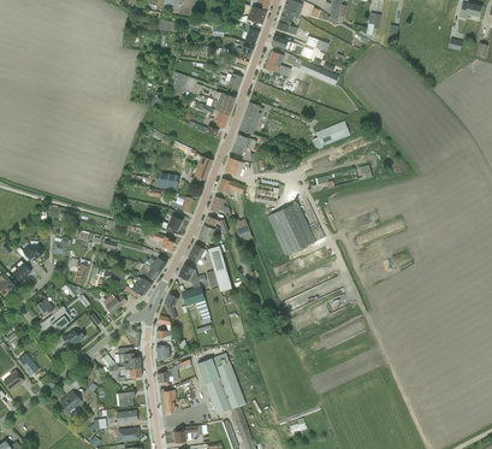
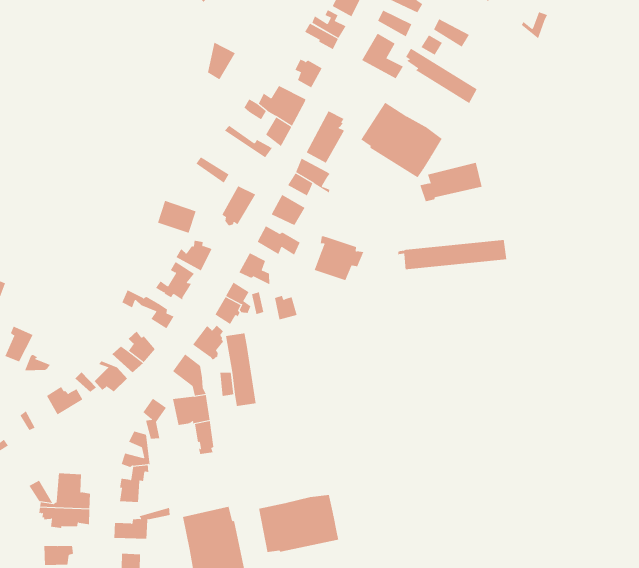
building: none -> [361,102,443,178]
building: [267,202,315,255] -> none
building: none -> [258,494,339,553]

